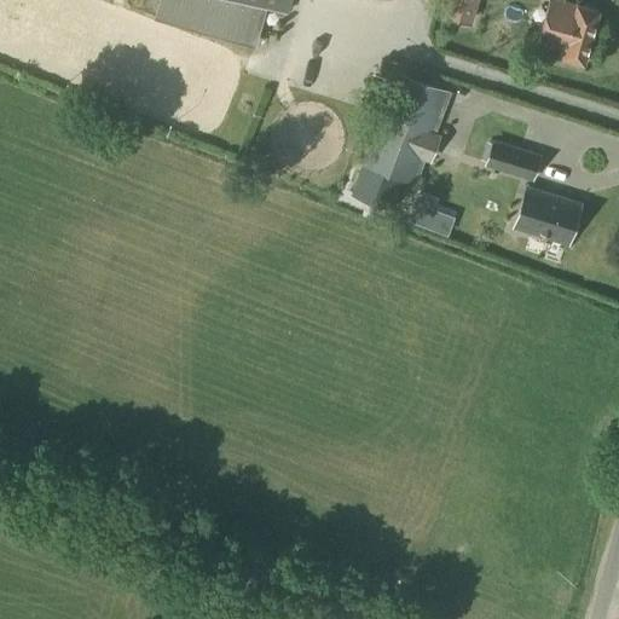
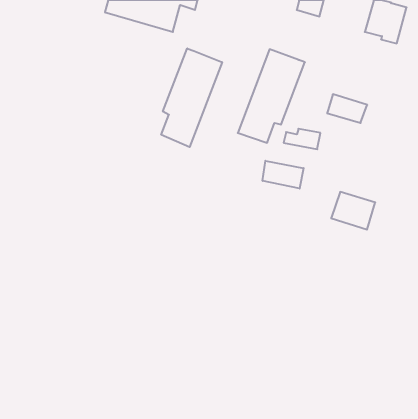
building: none -> [161,48,222,147]
building: [517,186,583,242] -> [331,192,375,230]
building: none -> [263,161,304,189]

